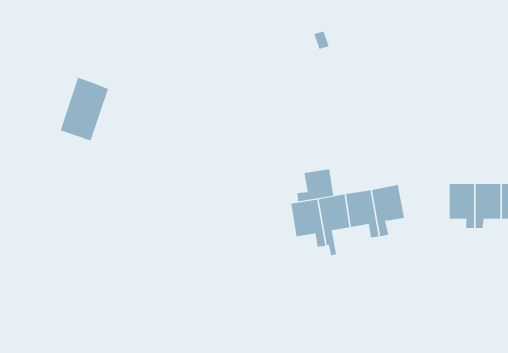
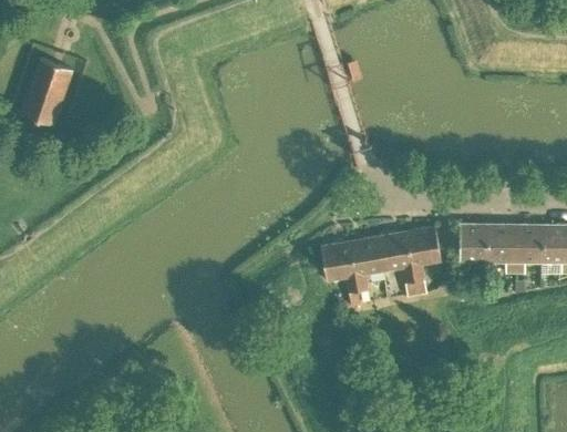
building: [60,77,109,141] -> [21,56,73,124]
building: [297,168,334,202] -> none
building: none -> [460,223,488,271]

